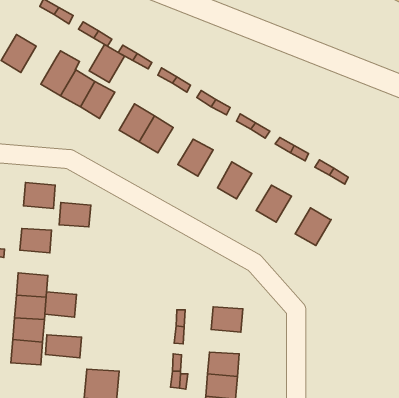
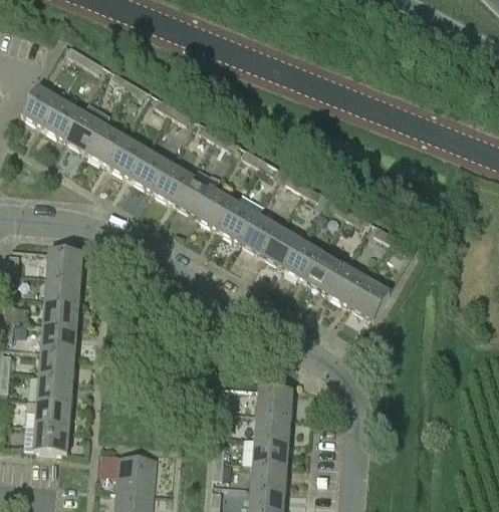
building: [89,45,124,82] -> [132,149,171,191]
building: none -> [44,97,83,140]
building: none -> [197,188,236,229]
building: none -> [241,213,279,255]
building: none -> [284,239,323,280]
building: none -> [328,264,366,306]
building: [59,202,91,227] -> [45,275,80,302]
building: [45,292,76,317] -> [41,324,76,352]
building: none -> [254,413,289,440]
building: [46,335,81,358] -> none

